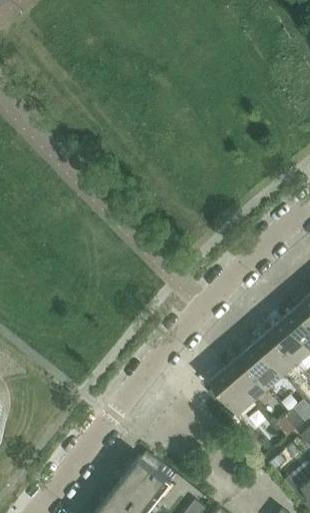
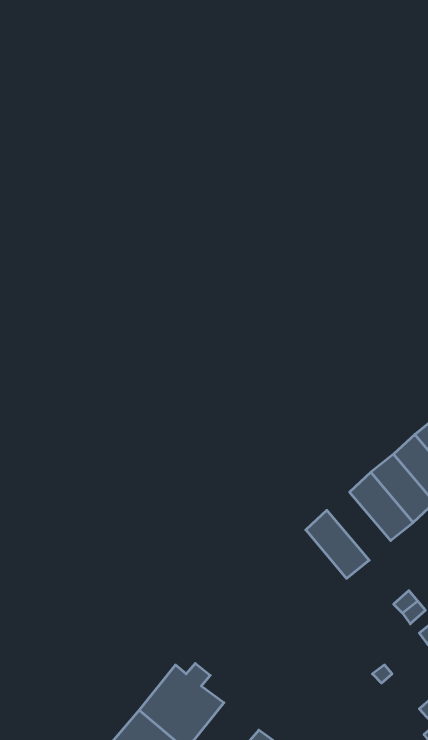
building: [240,345,282,390] -> none
building: [210,370,253,415] -> none

